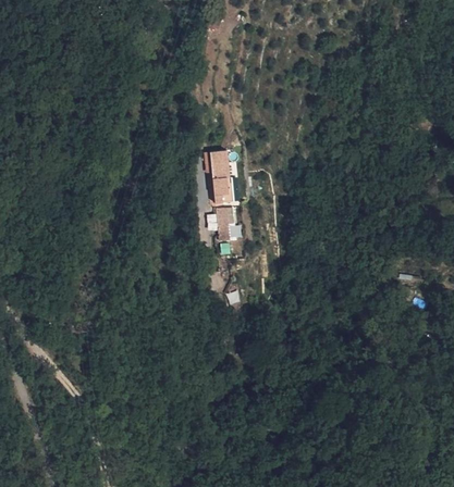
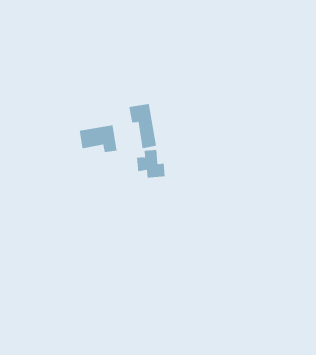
building: none -> [79,124,117,153]

